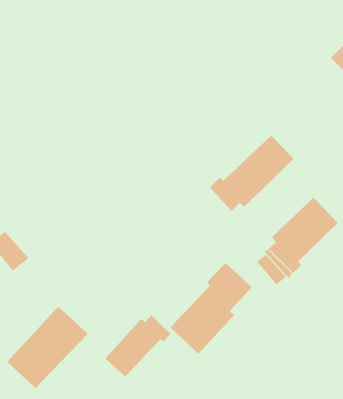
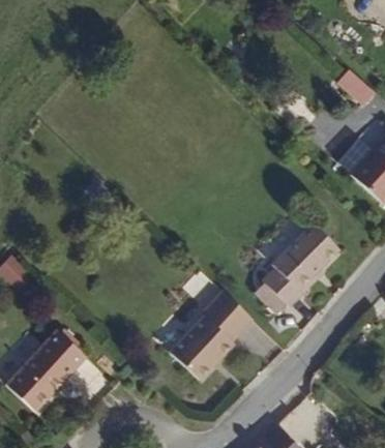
building: [209,135,294,212] -> none
building: [104,314,171,378] -> none

